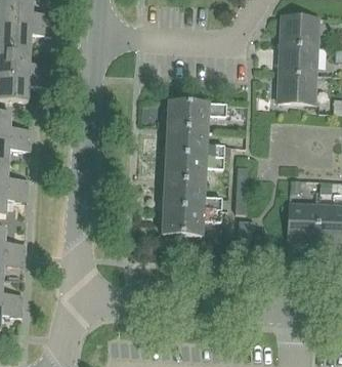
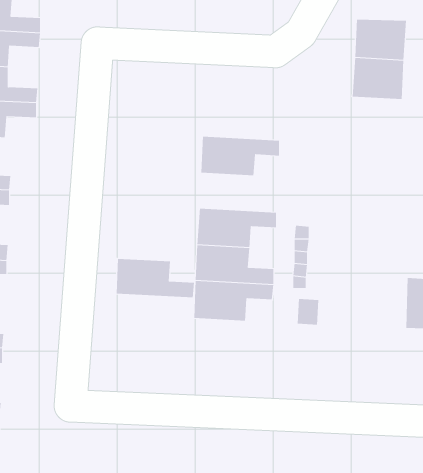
building: [276,72,314,103] -> none
building: [167,127,224,156] -> [116,258,195,298]
building: [288,202,317,240] -> none

